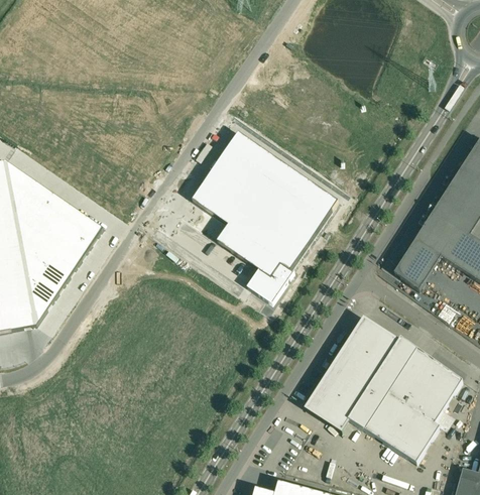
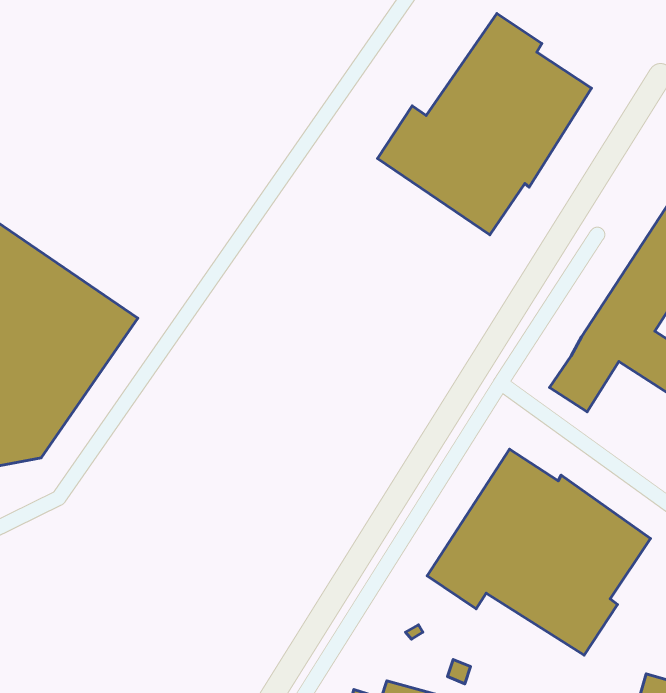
building: none -> [377,14,592,235]
building: [192,131,338,302] -> none

